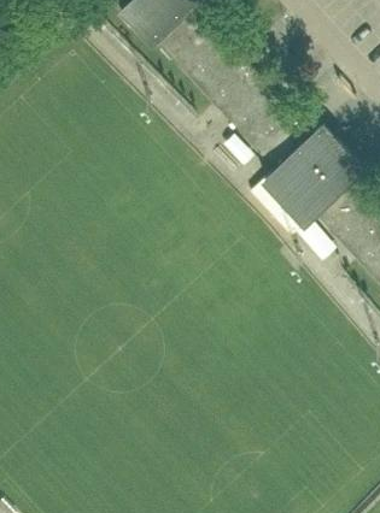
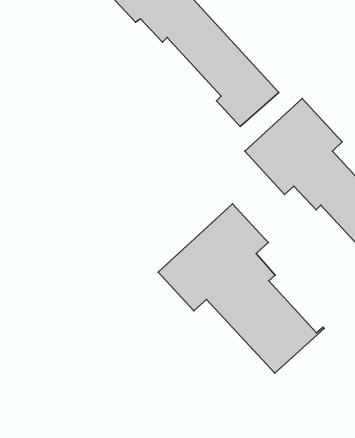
building: none -> [158,204,324,373]

